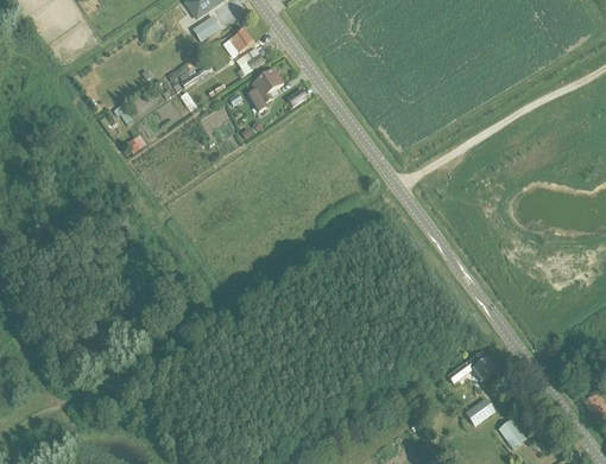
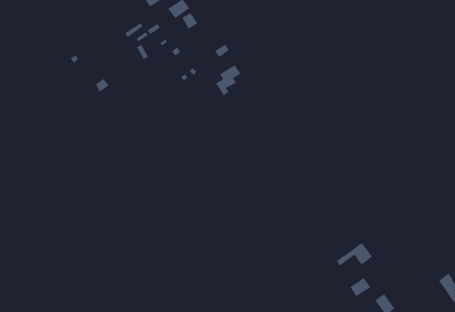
building: [247,70,282,112] -> [215,65,241,96]

